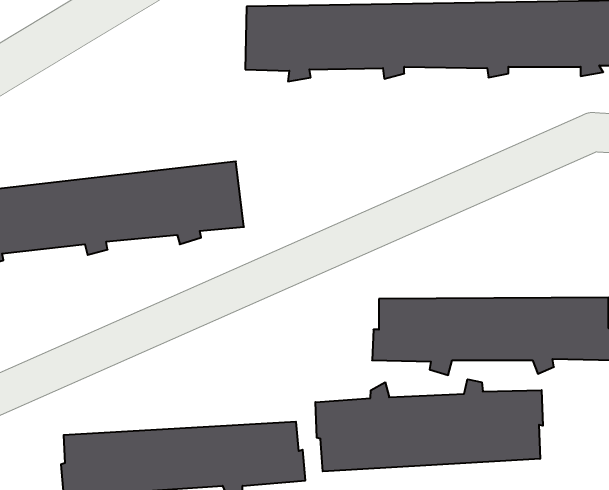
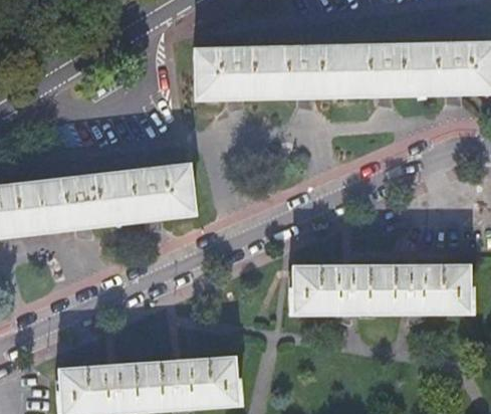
building: [315,379,543,471] -> none

